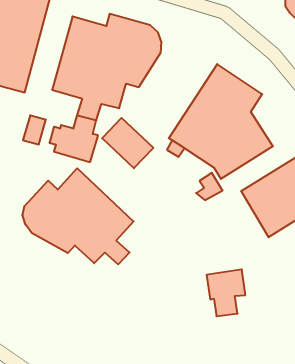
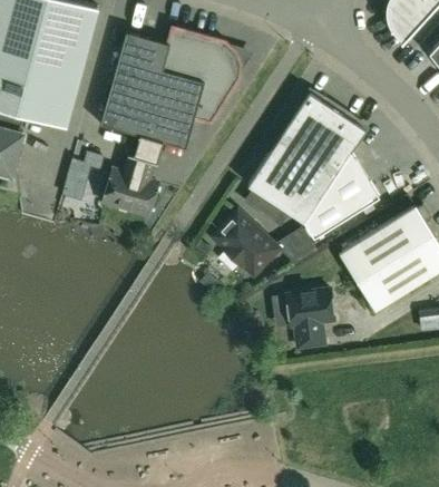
building: [102,118,153,168] -> [213,213,277,276]
building: [23,168,134,264] -> none
building: [207,269,245,316] -> [285,290,334,349]

